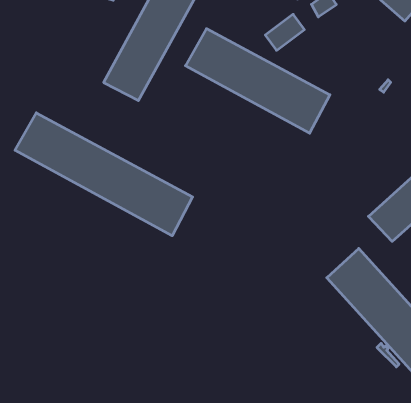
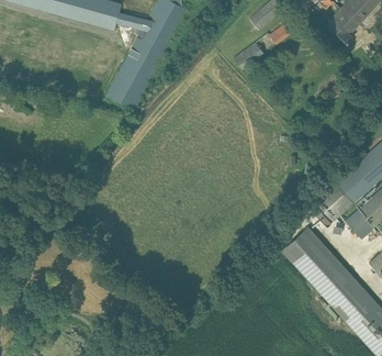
building: [185,29,330,133] -> none
building: [15,113,193,236] -> none

